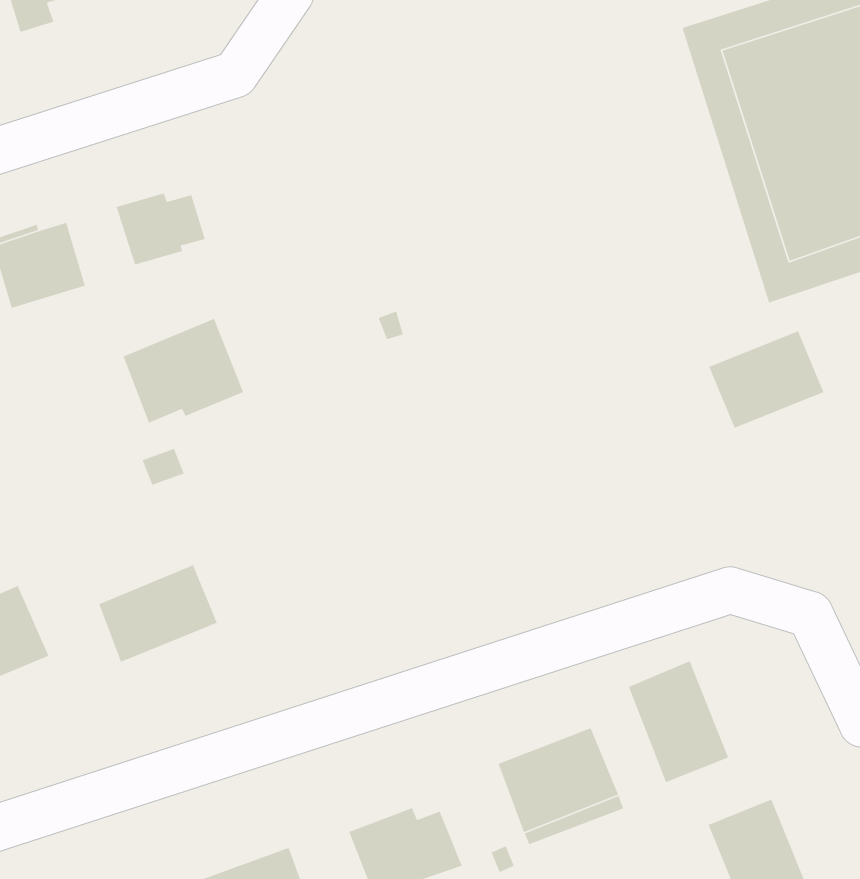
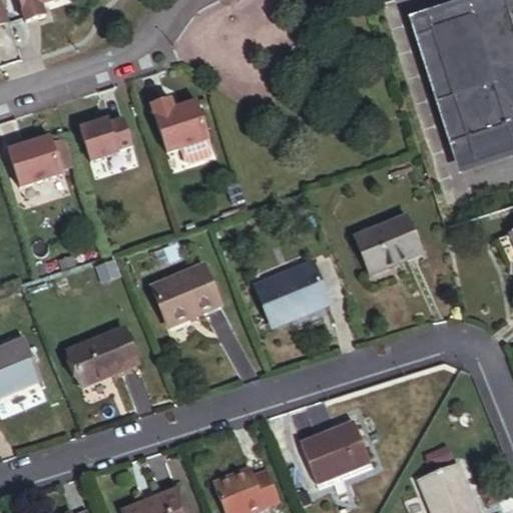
building: none -> [151,91,211,146]
building: [123,318,244,424] -> [152,264,222,325]
building: [708,330,825,429] -> [356,216,423,274]
building: none -> [256,263,330,326]
building: [628,660,729,783] -> none

